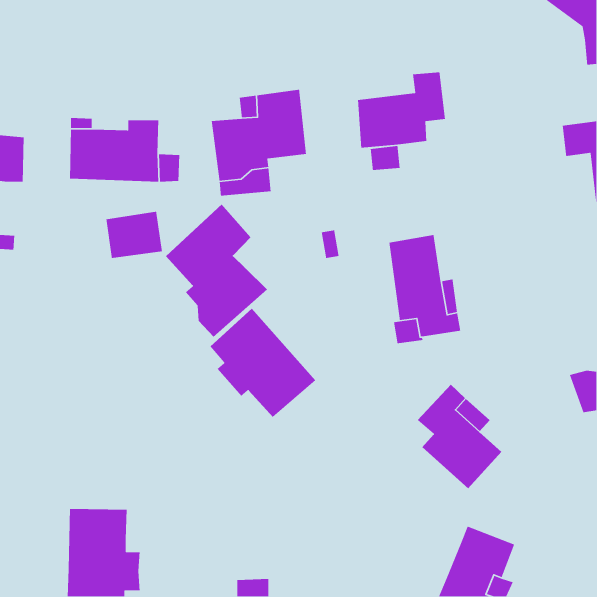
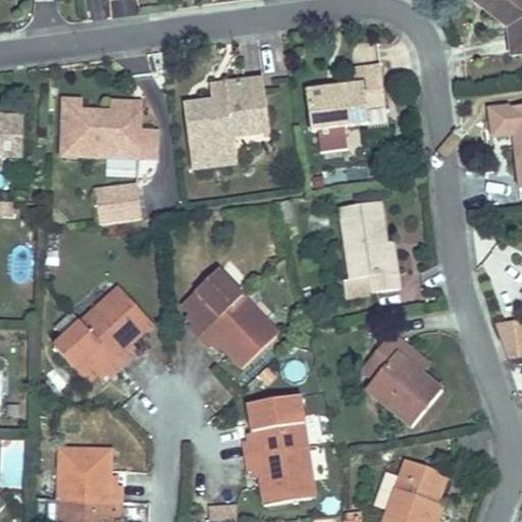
building: [165,203,268,338] -> none
building: none -> [52,283,154,381]
building: none -> [243,389,317,501]

